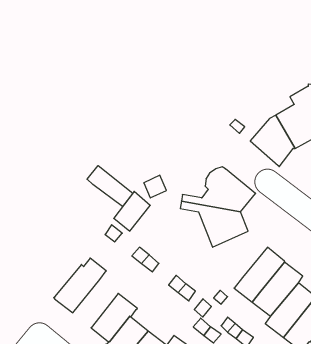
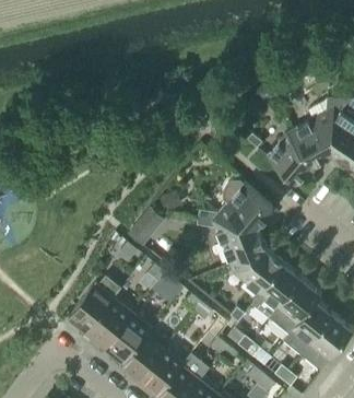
building: [87,166,133,207] -> none
building: none -> [229,247,285,294]
building: none -> [87,296,133,346]

